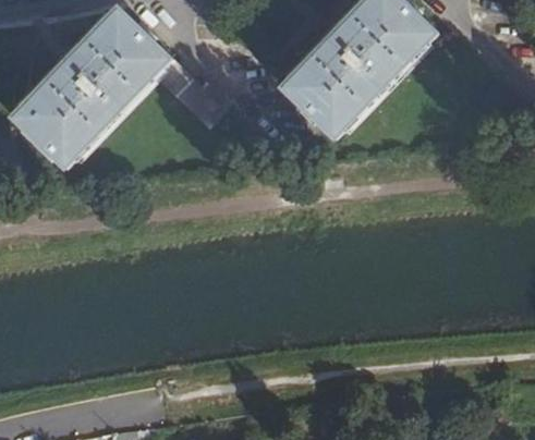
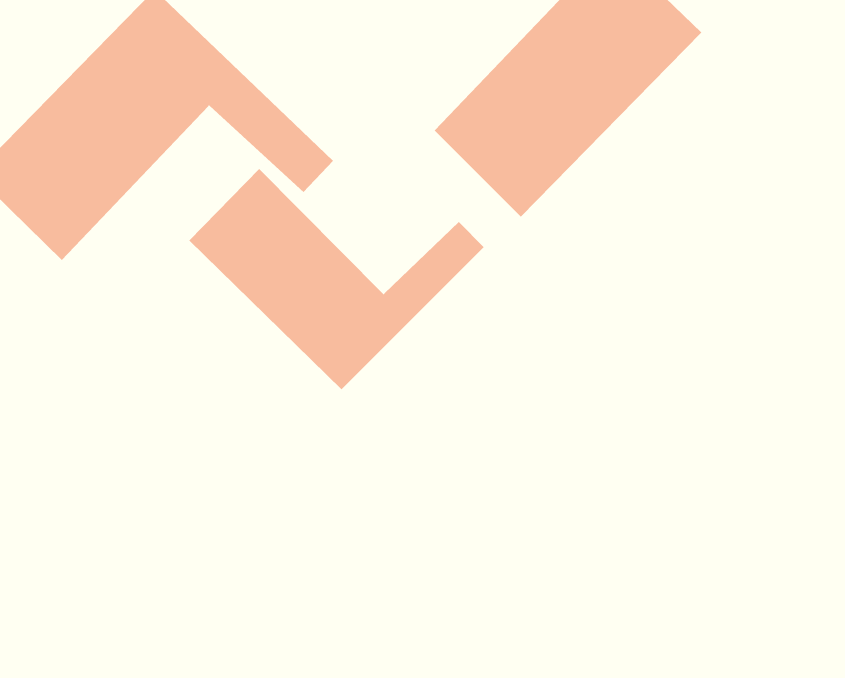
building: none -> [189,168,485,390]

